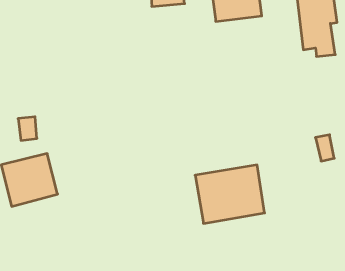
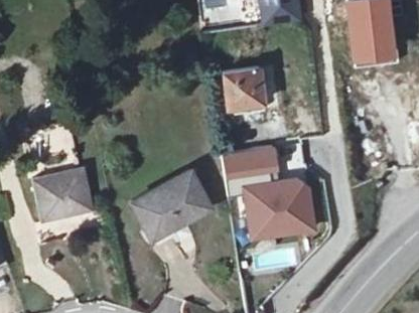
building: none -> [230,64,272,107]
building: none -> [224,149,274,176]
building: none -> [133,173,216,238]

